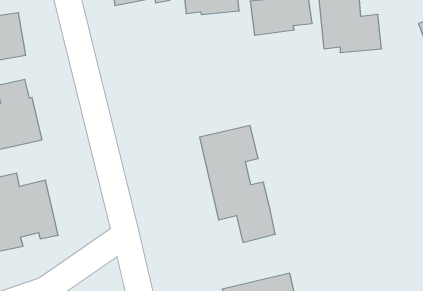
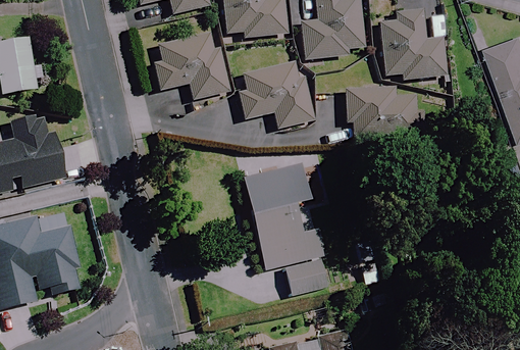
building: none -> [152,31,230,98]
building: none -> [239,60,316,127]
building: none -> [346,87,425,138]

